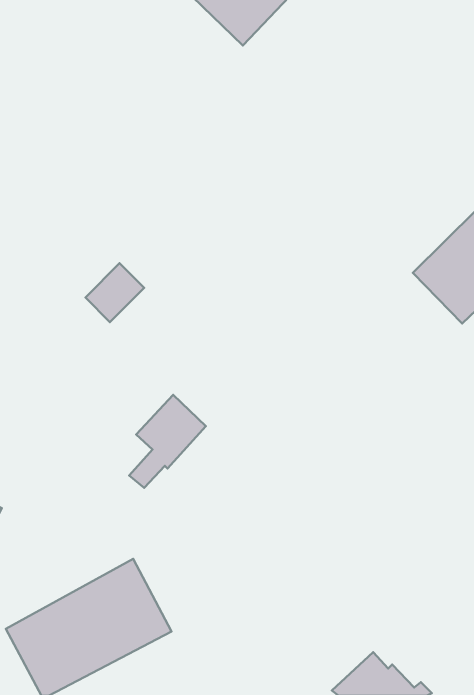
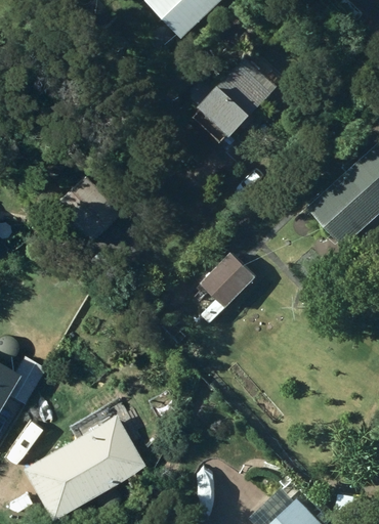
building: none -> [192,63,272,141]
building: [129,395,206,488] -> [201,253,258,322]

